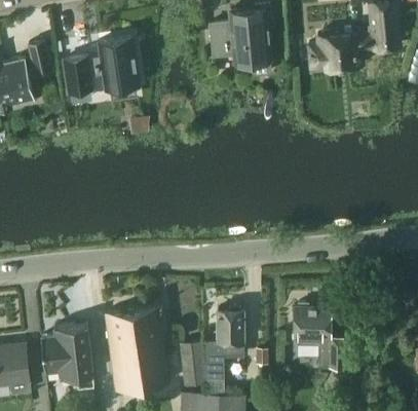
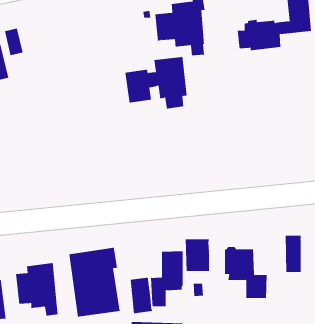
building: [62,39,138,103] -> [125,56,188,109]
building: none -> [285,235,301,273]
building: none -> [185,239,209,272]

